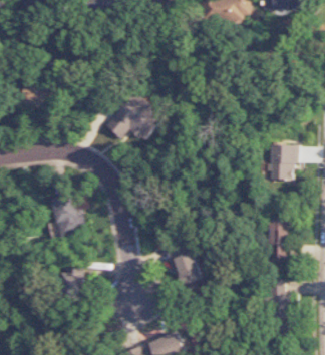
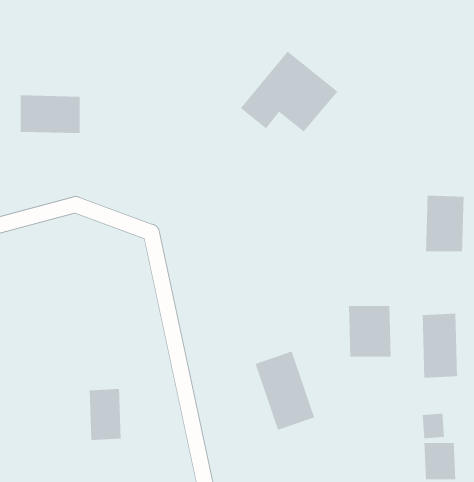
building: [104,92,165,142] -> [240,51,338,133]
building: [51,194,84,238] -> none
building: none -> [348,305,391,357]

